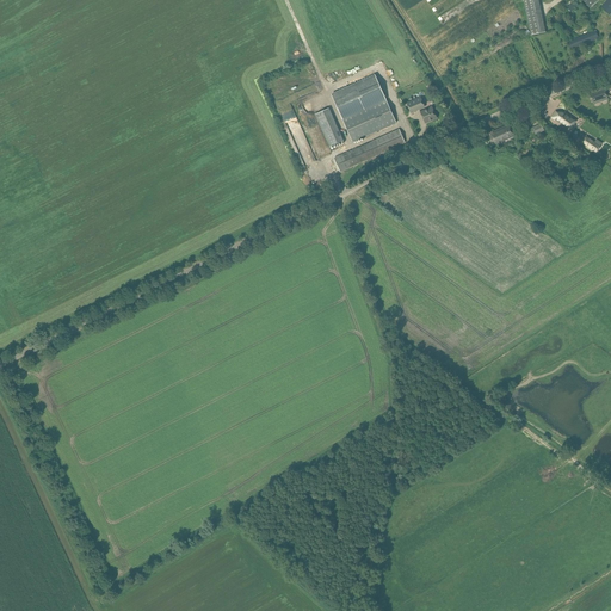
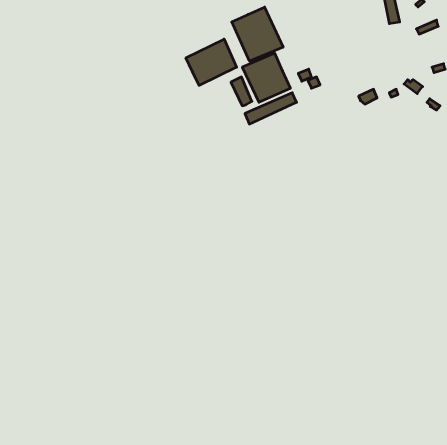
building: none -> [232,7,283,61]
building: none -> [186,39,237,85]

